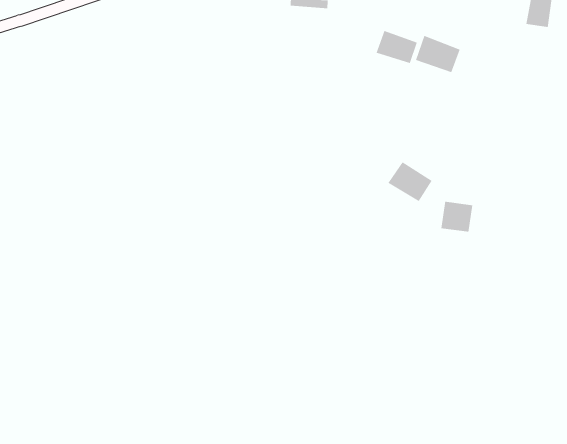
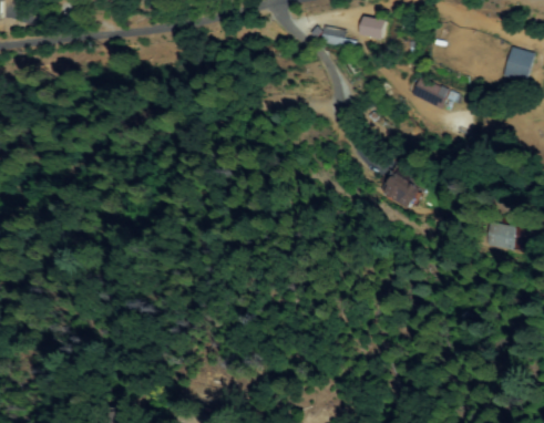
building: [376,30,418,64] -> none
building: [441,201,473,232] -> [485,221,513,248]

